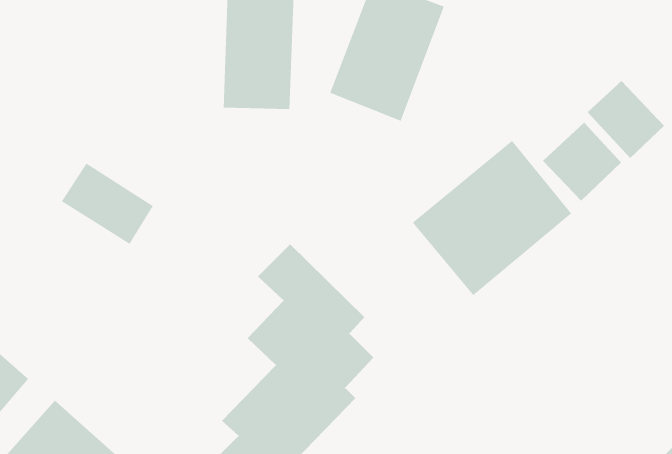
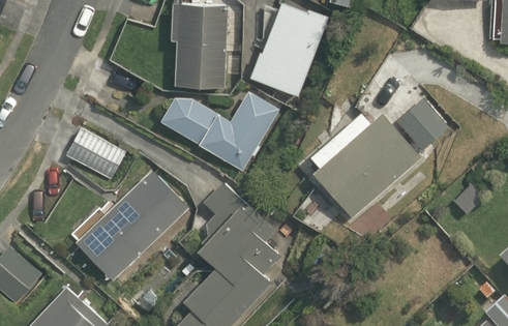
building: [587,80,665,159] -> none
building: none -> [161,86,282,173]
building: none -> [76,171,189,283]

